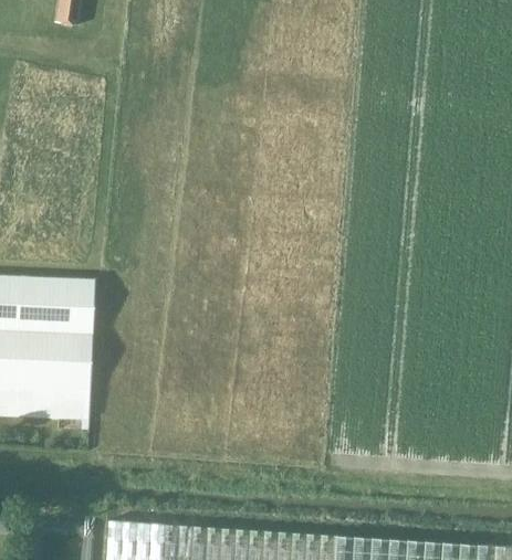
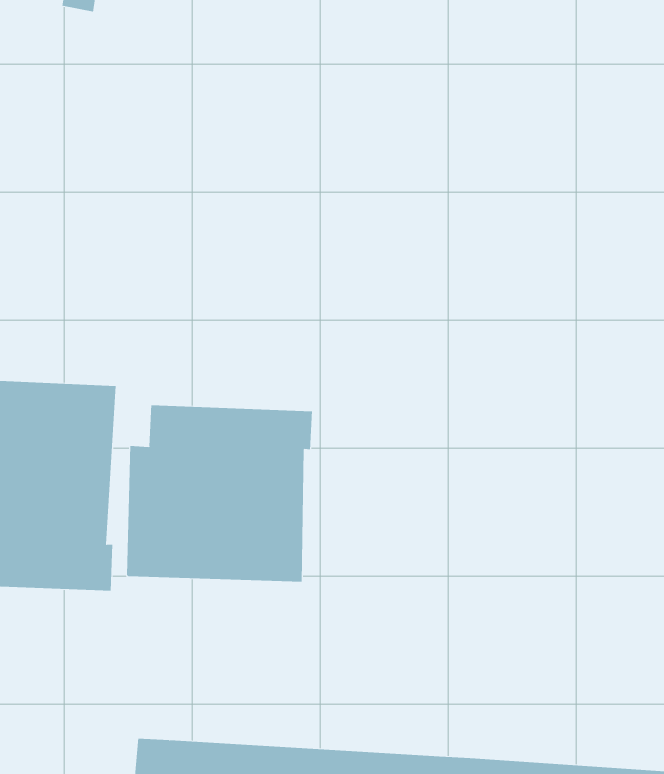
building: none -> [127,404,312,583]

